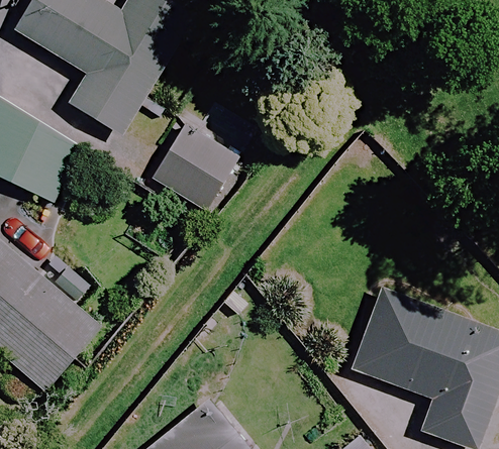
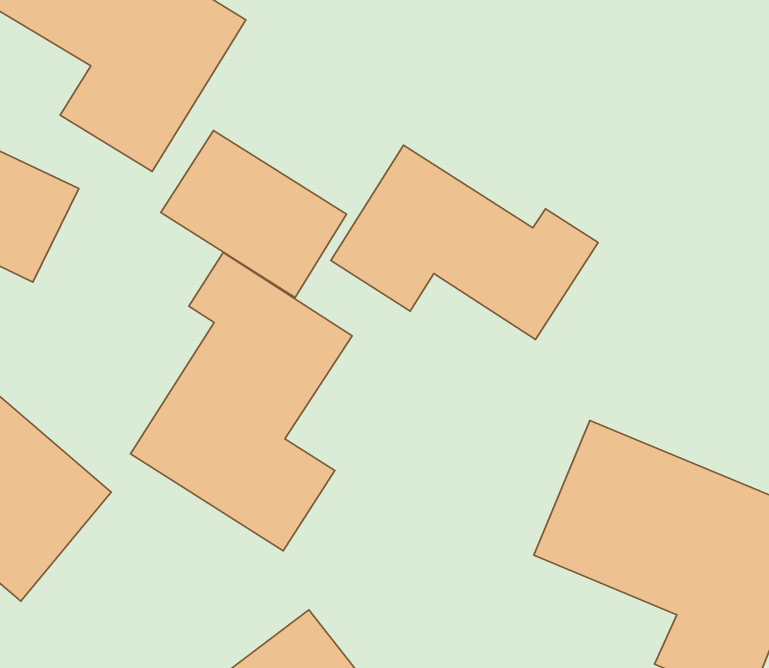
building: none -> [331,145,598,340]
building: none -> [130,253,352,551]

